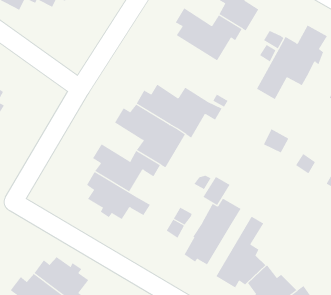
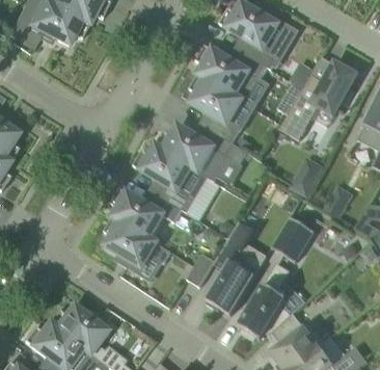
building: none -> [189,74,241,143]
building: none -> [272,216,315,261]

